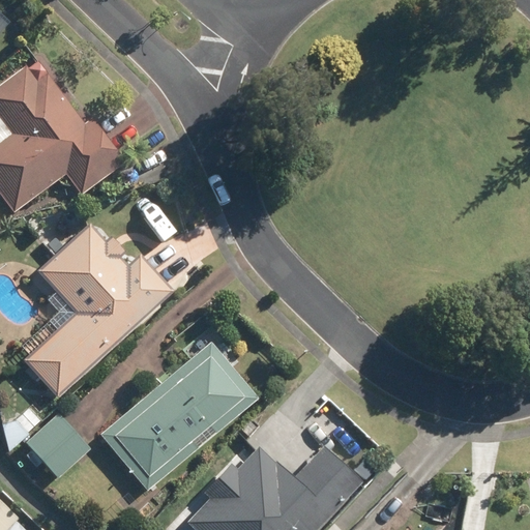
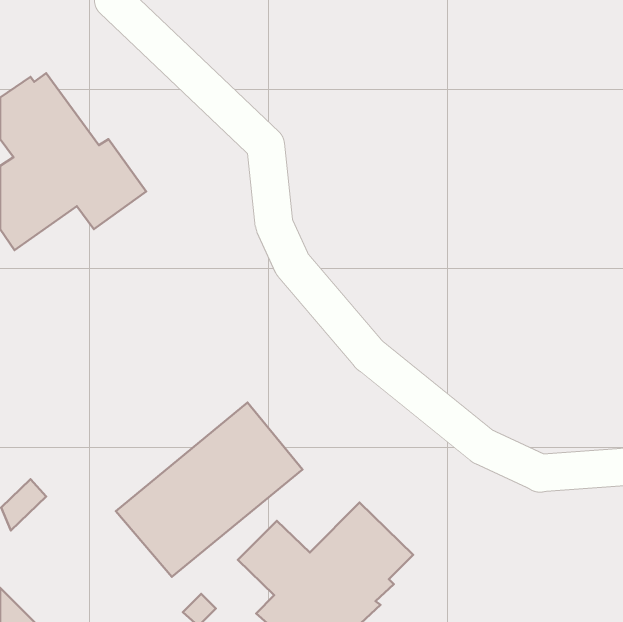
building: [23,224,173,398] -> none
building: [26,414,90,478] -> none

